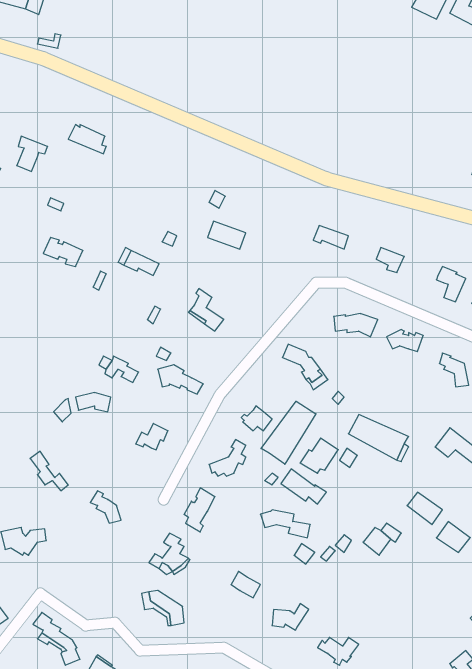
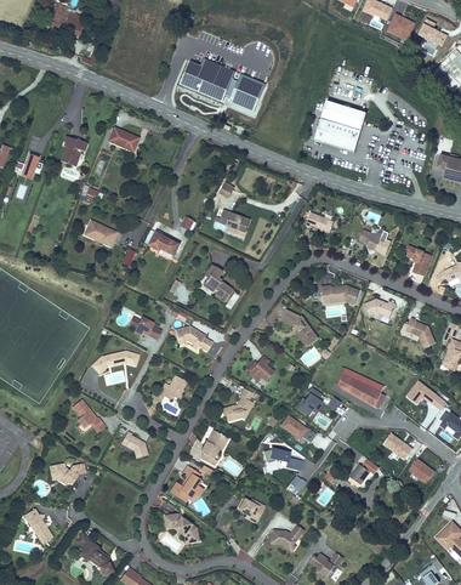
building: none -> [181,58,267,114]
building: none -> [315,101,368,153]
building: [261,401,316,464] -> none

